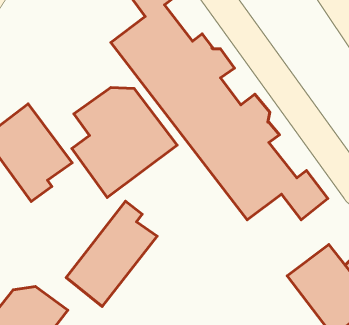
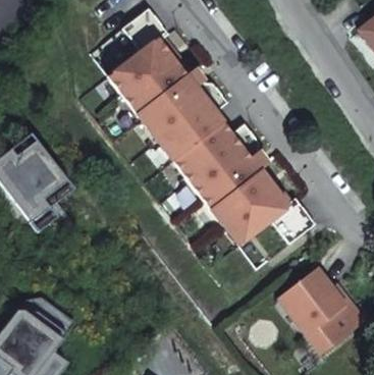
building: [72,87,177,198] -> none
building: [66,201,157,306] -> none

